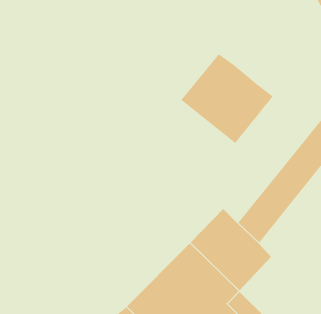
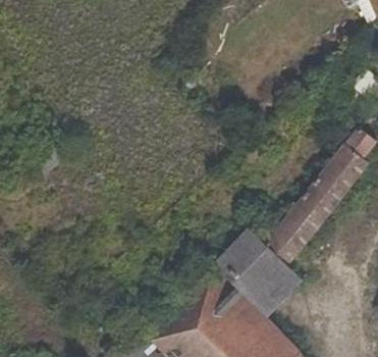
building: [181,54,273,144] -> none

